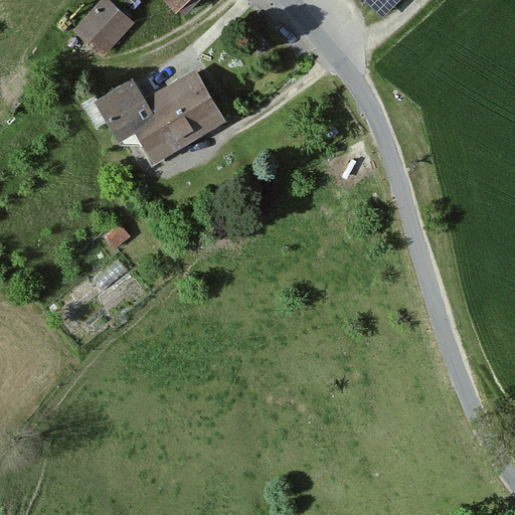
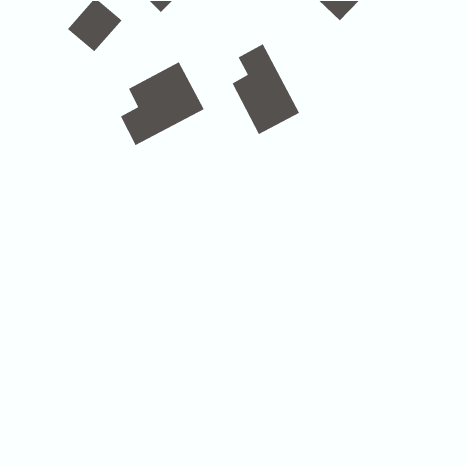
building: none -> [231,43,300,135]
building: [93,78,152,139] -> none

